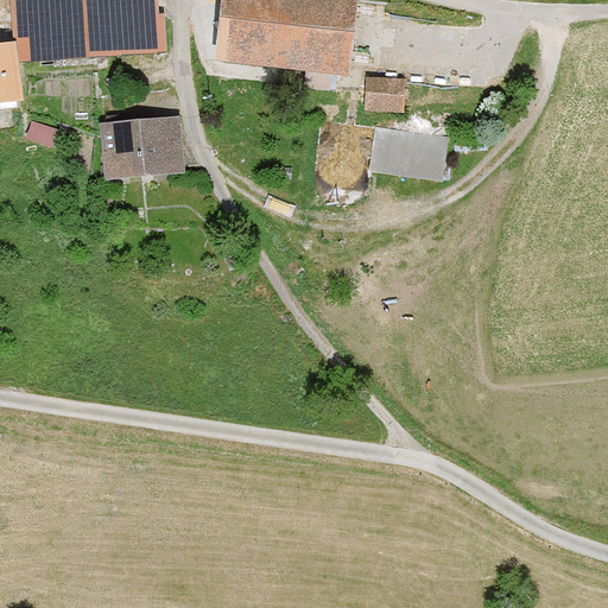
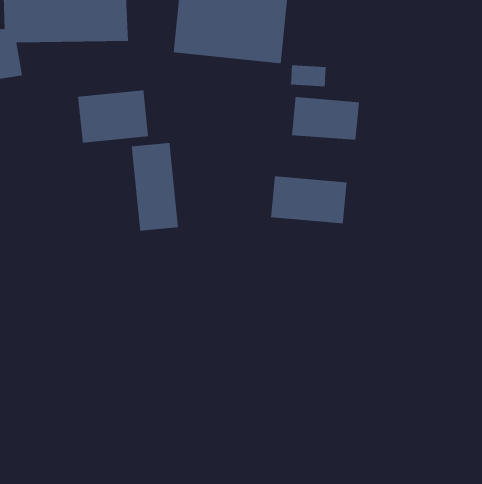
building: none -> [131,142,178,232]
building: none -> [271,175,347,224]

